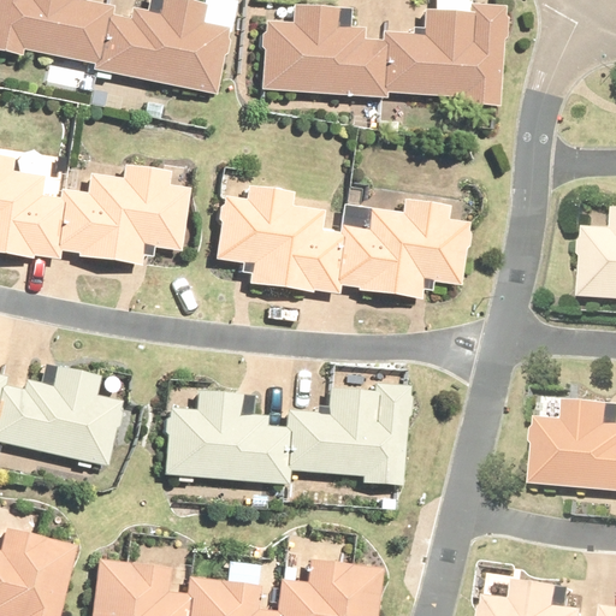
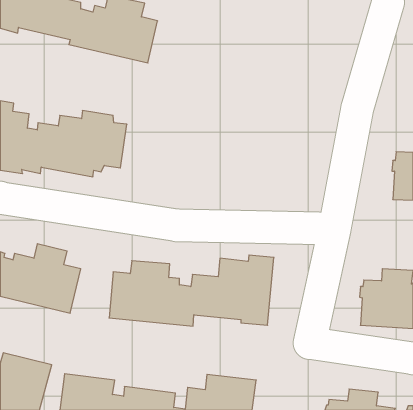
building: [259,6,504,113] -> none
building: [214,179,469,296] -> none

